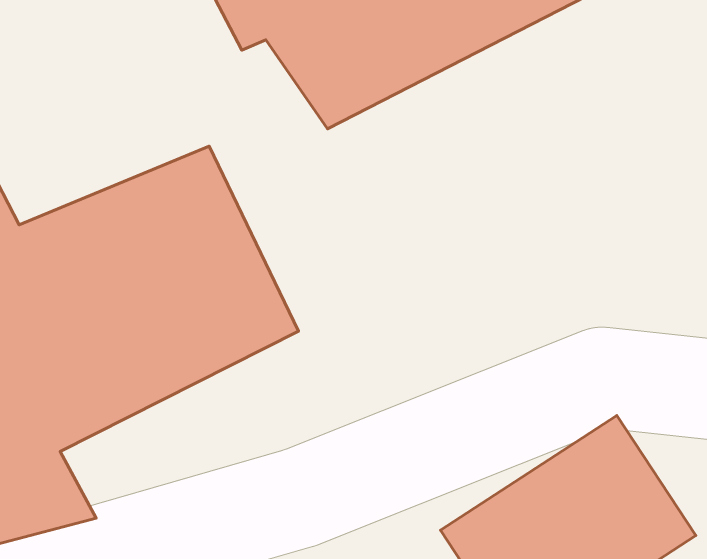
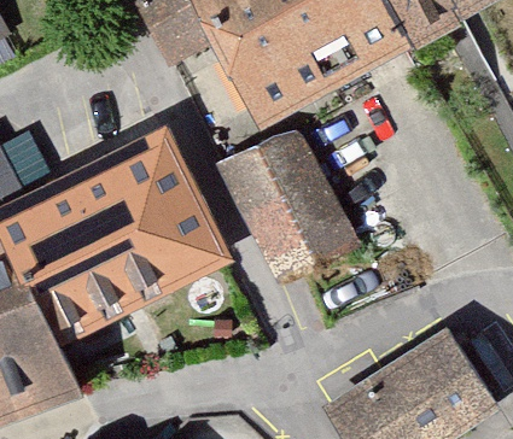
building: none -> [218,128,361,291]

